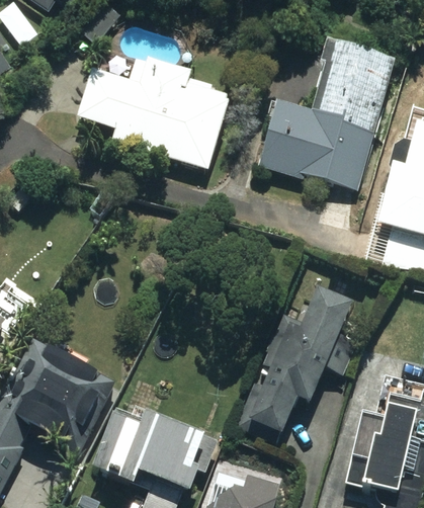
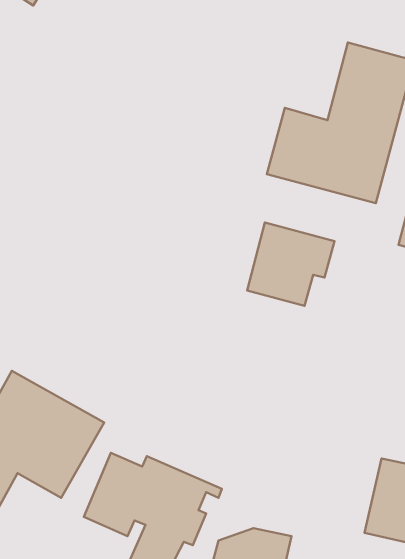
building: [79,54,229,167] -> none
building: none -> [247,223,335,306]
building: [233,286,353,444] -> none

